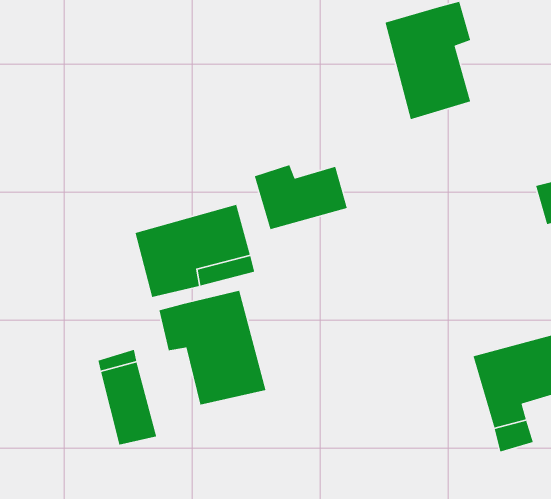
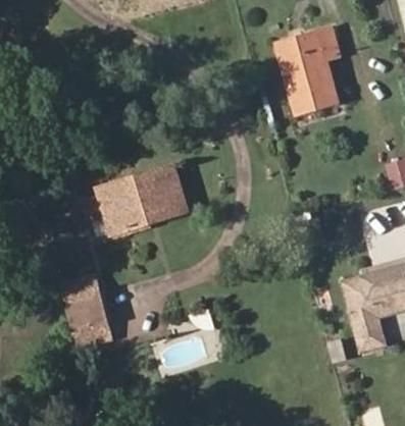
building: [254,164,348,230] -> none
building: [158,290,267,406] -> none

